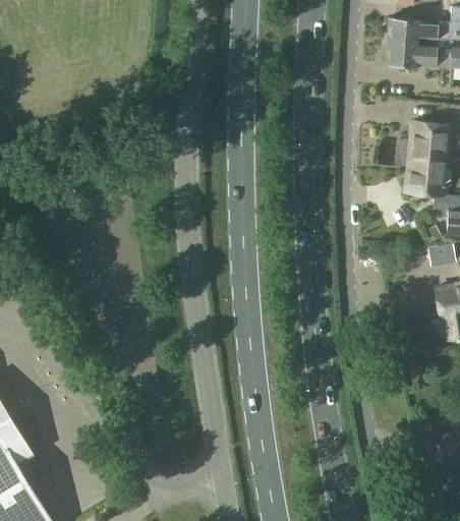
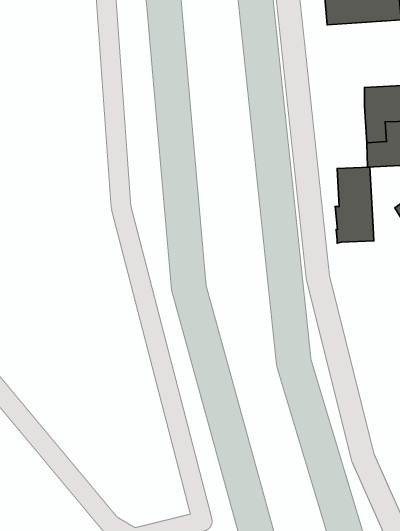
building: none -> [335,167,374,243]

